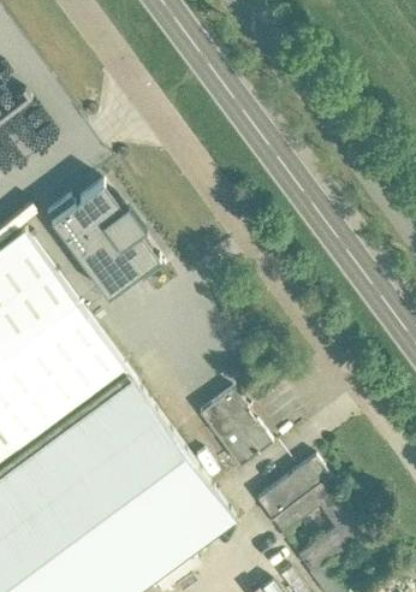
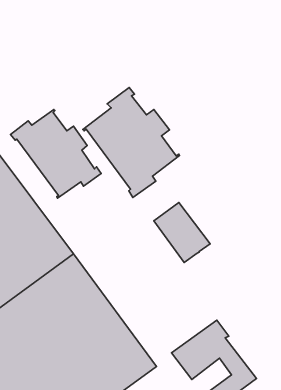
building: none -> [83,88,179,197]
building: [197,391,271,469] -> [154,202,210,262]

